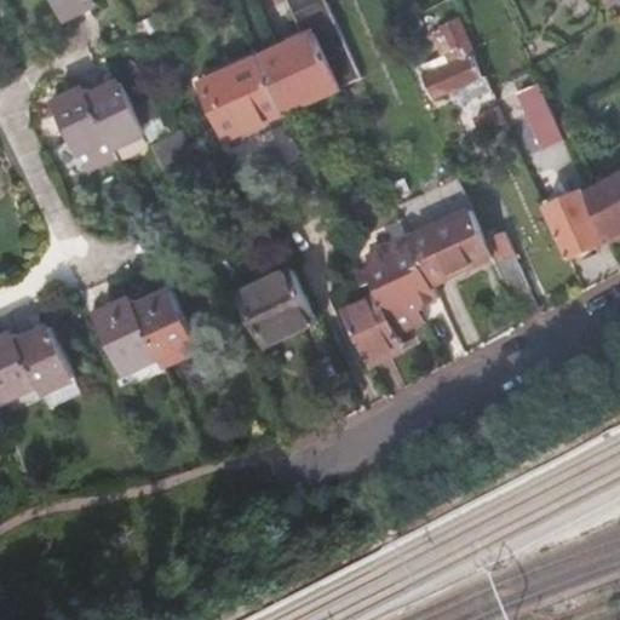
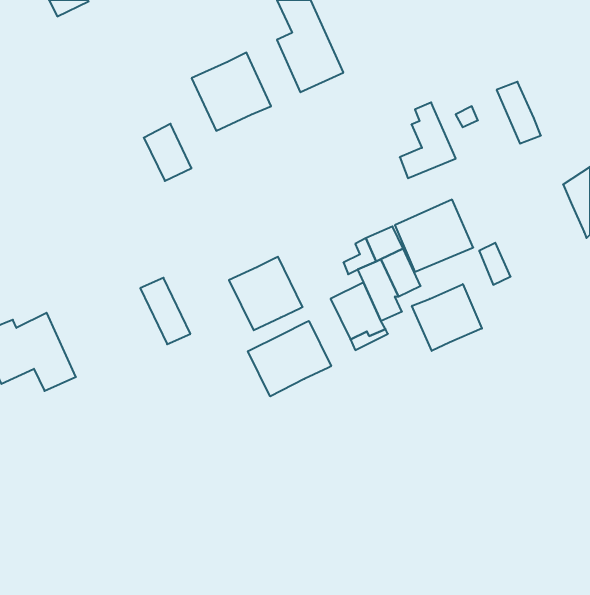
building: [421,19,480,98] -> [400,102,456,178]
building: [256,42,311,111] -> none
building: [51,82,143,154] -> none
building: [542,190,605,260] -> none
building: none -> [412,284,482,351]
building: [94,298,173,373] -> none
building: none -> [248,321,331,396]

